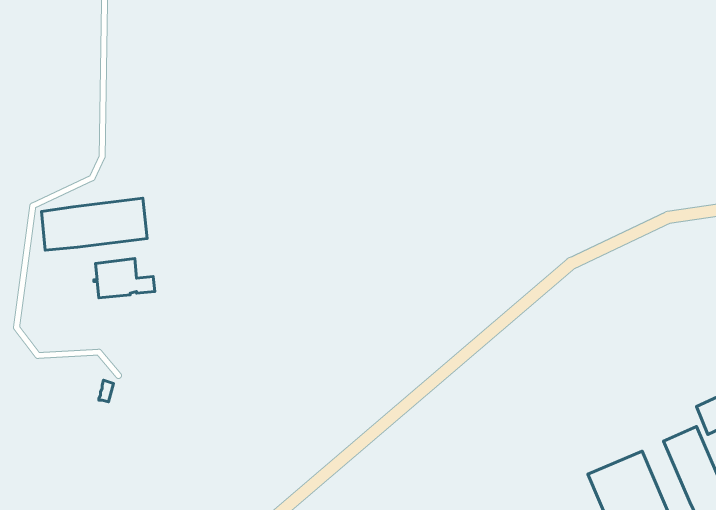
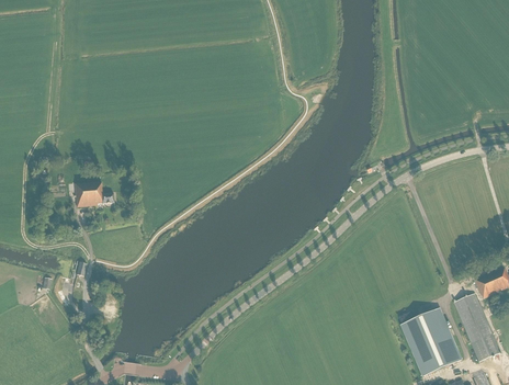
building: [42,198,147,250] -> none

